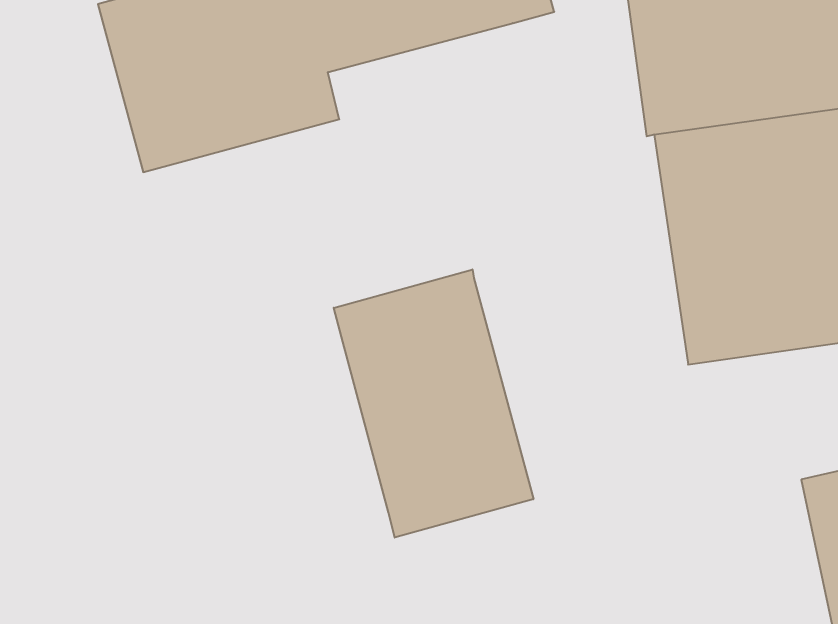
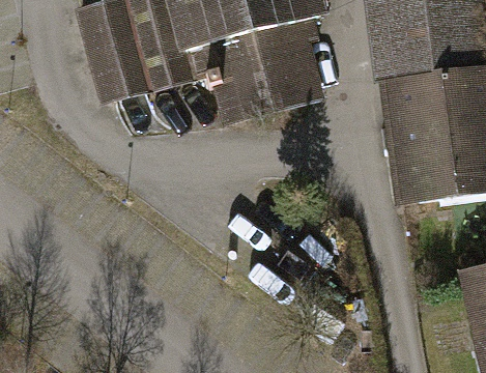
building: none -> [201,20,323,124]
building: [334,269,533,538] -> none

